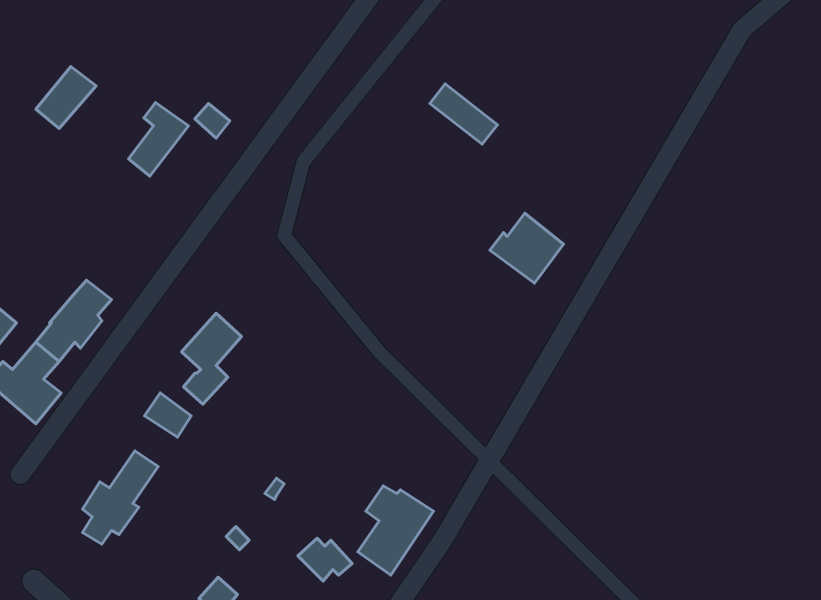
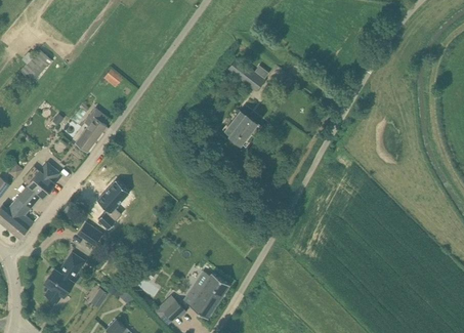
building: [128,102,189,176] -> [75,113,107,152]
building: [490,213,564,283] -> [222,110,261,147]

